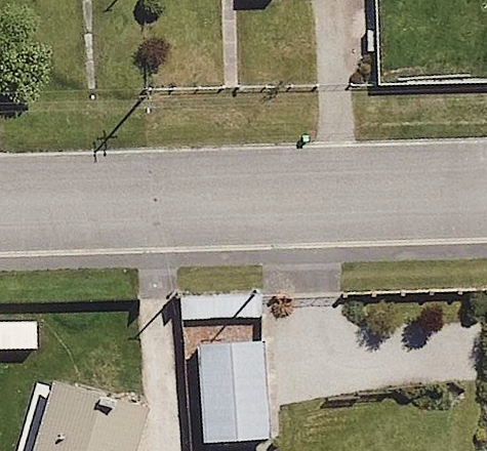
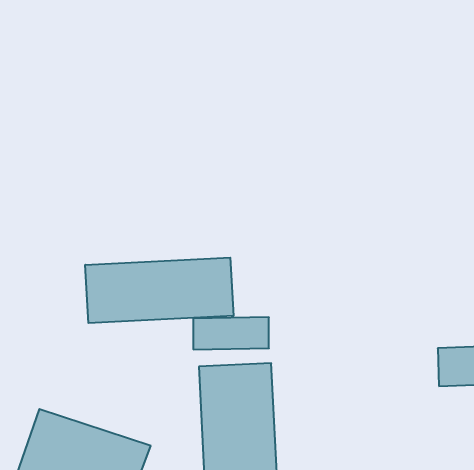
building: none -> [85,258,233,323]

